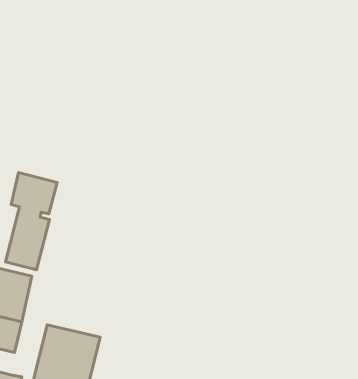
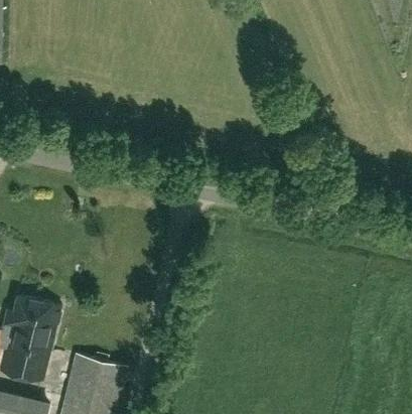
building: [5,173,57,270] -> none

